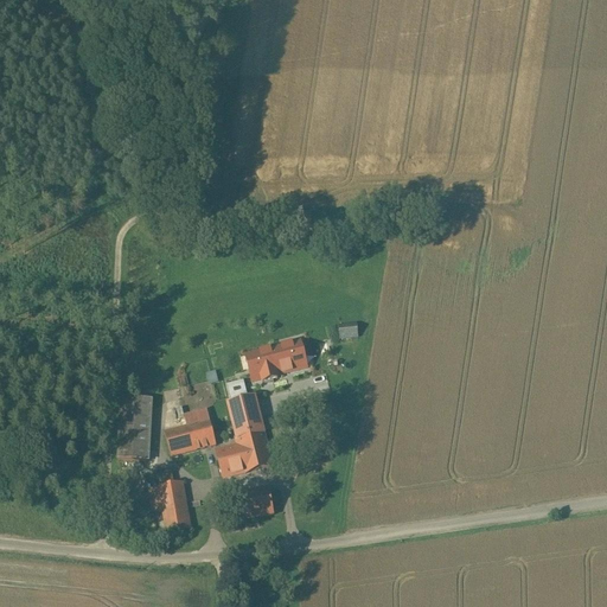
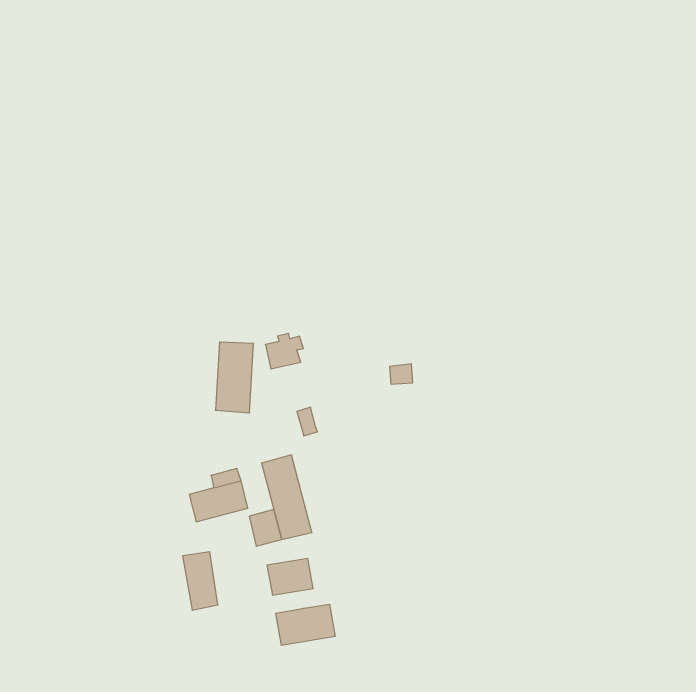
building: [270,341,304,372] -> [265,333,304,369]
building: [117,396,151,458] -> [215,342,254,413]
building: none -> [276,604,335,645]

